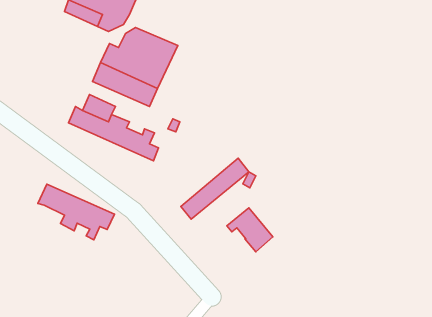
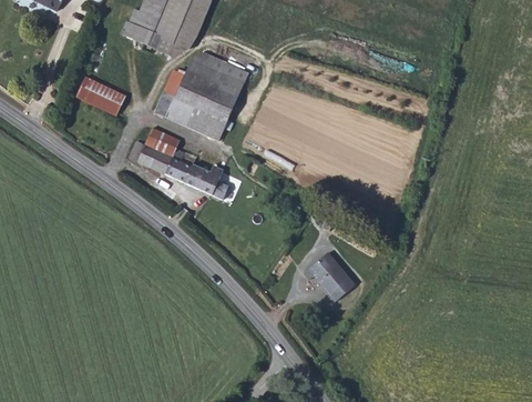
building: none -> [76,76,125,115]
building: [181,158,249,219] -> none
building: [38,184,115,240] -> none

